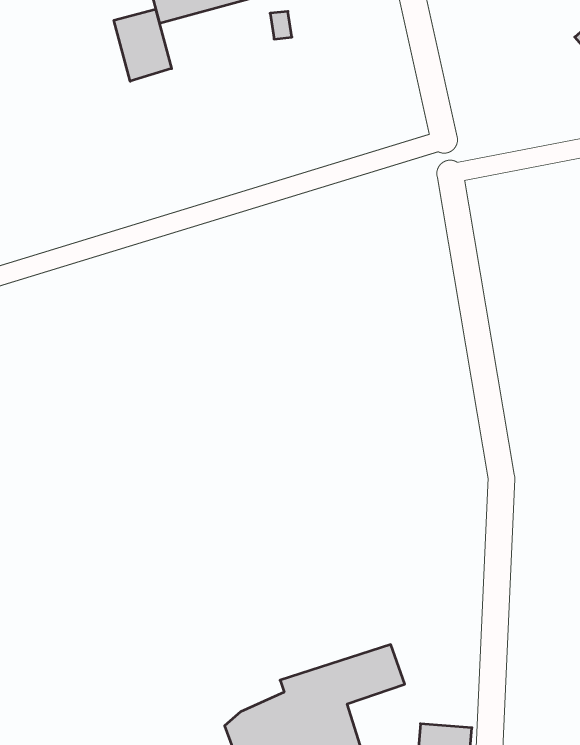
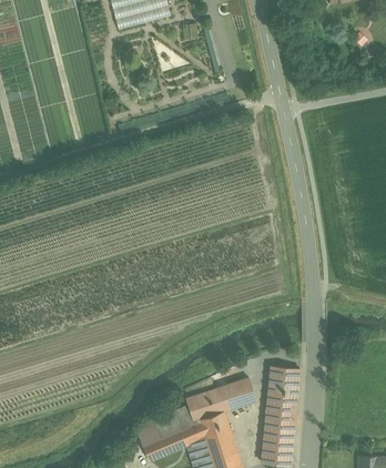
building: [114,9,172,81] -> none
building: none -> [265,364,299,423]

